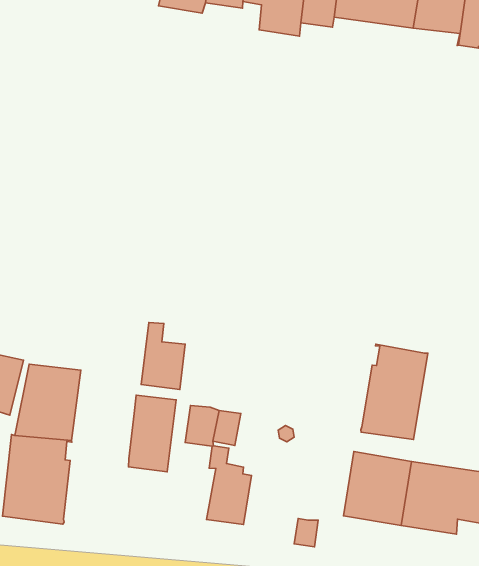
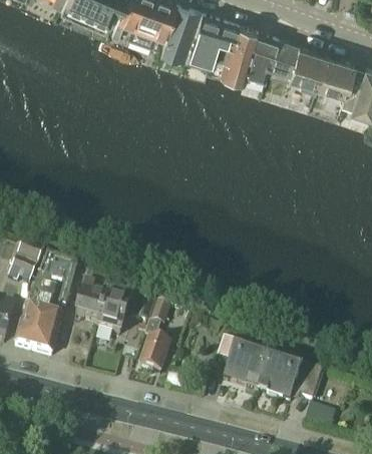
building: [141,323,185,390] -> [72,281,103,325]
building: [361,344,428,439] -> none

